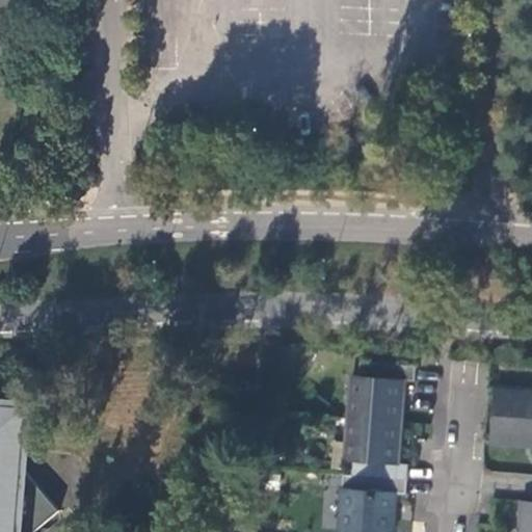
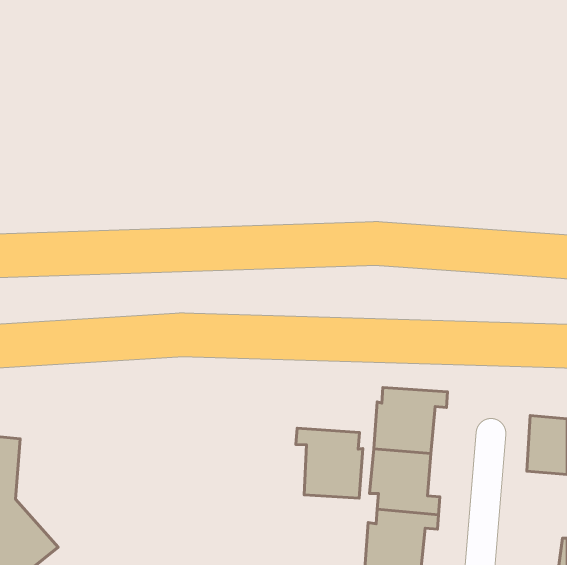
building: none -> [296,428,363,498]

